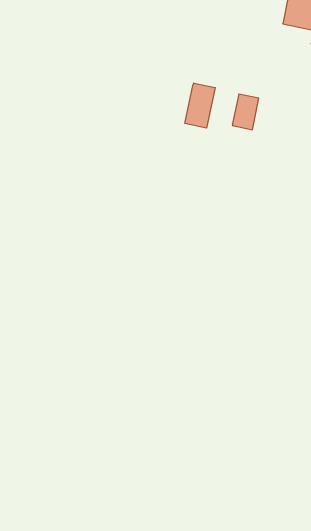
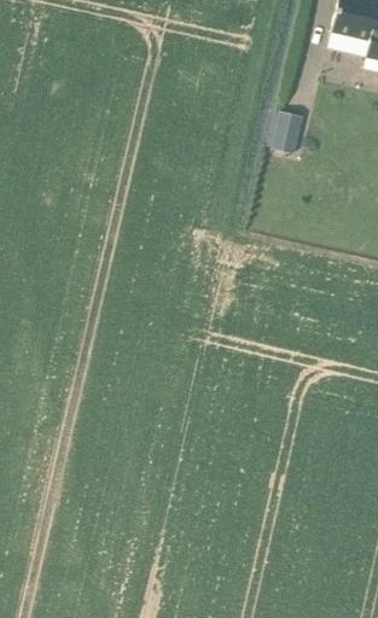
building: [185,83,215,128] -> none

